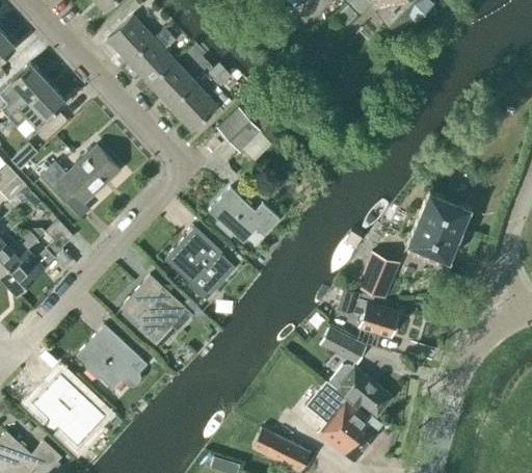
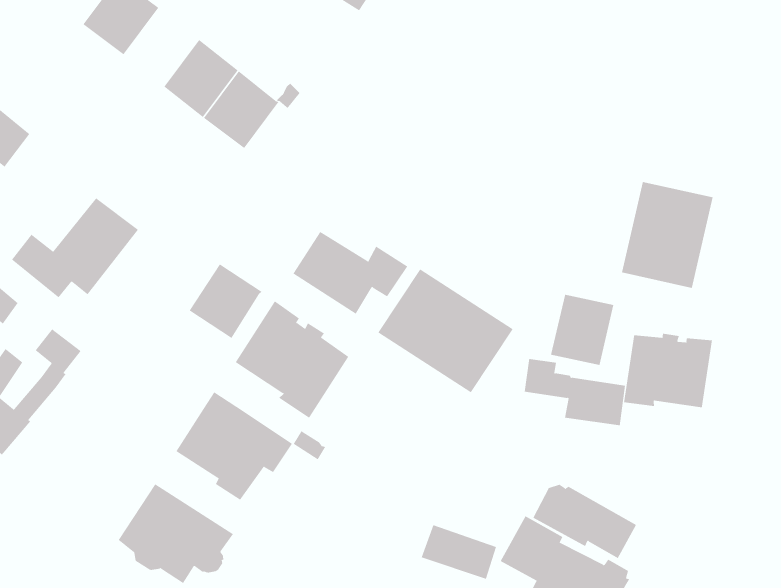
building: [129,37,176,85] -> none
building: [218,108,261,151] -> none
building: none -> [189,263,263,339]
building: none -> [378,268,514,393]
building: none -> [624,333,712,408]
building: [318,325,365,364] -> [421,525,497,579]

